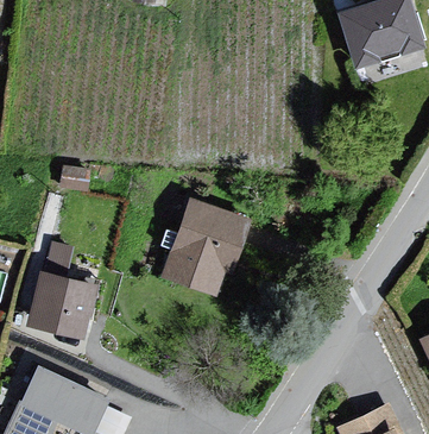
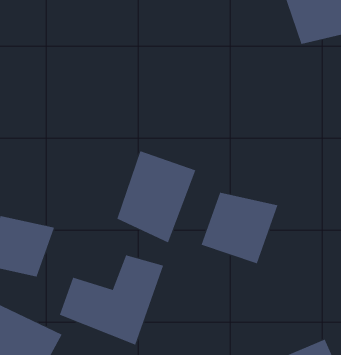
building: none -> [201,192,278,264]
building: none -> [59,254,164,346]

